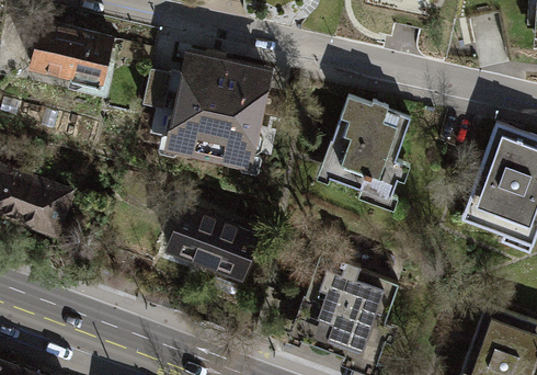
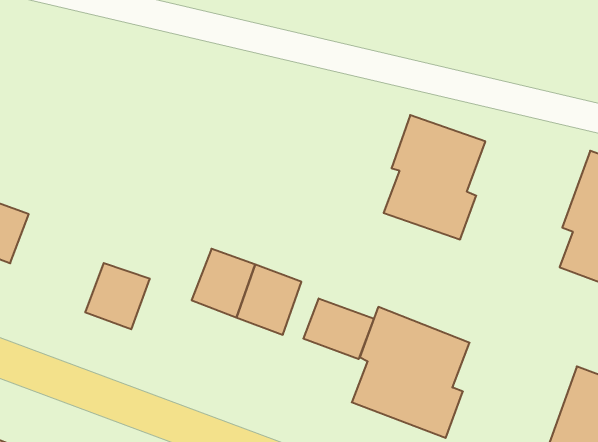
building: [33,25,111,88] -> none
building: [145,52,266,162] -> none
building: [16,179,70,234] -> [85,263,150,329]
building: none -> [303,298,374,359]

